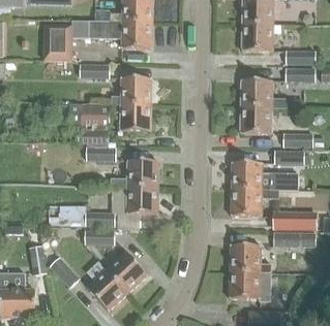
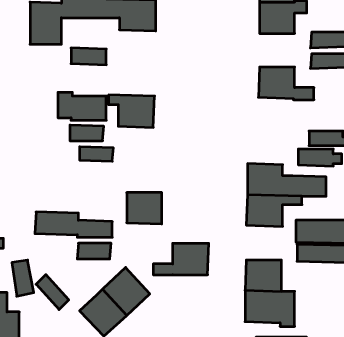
building: [112,77,151,104] -> none
building: [240,105,270,133] -> none
building: [111,160,158,187] -> [153,243,209,275]

